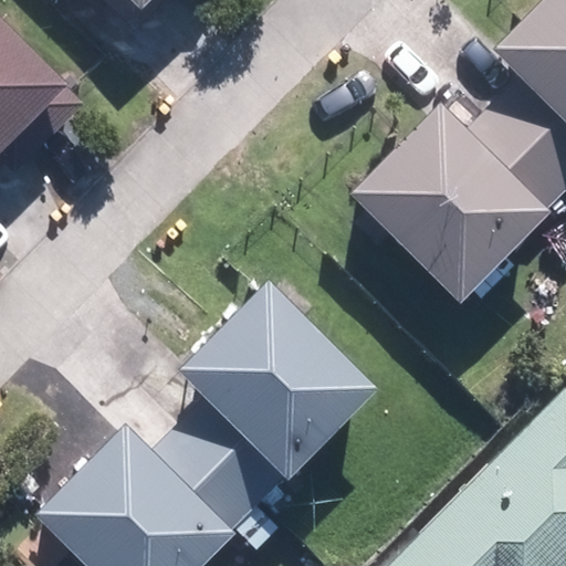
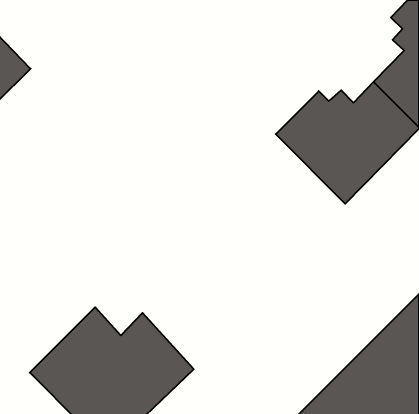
building: [180,280,377,505] -> none

